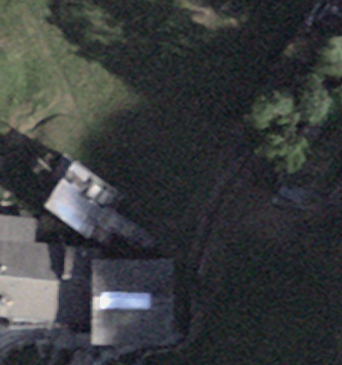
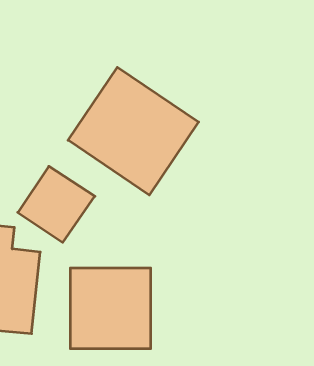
building: none -> [68,67,199,195]

